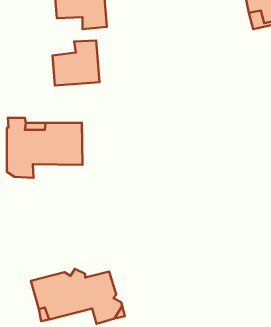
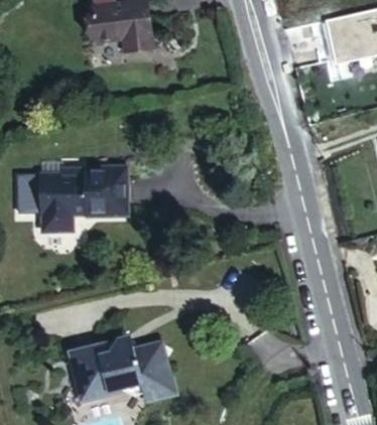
building: [52,40,100,85] -> none

